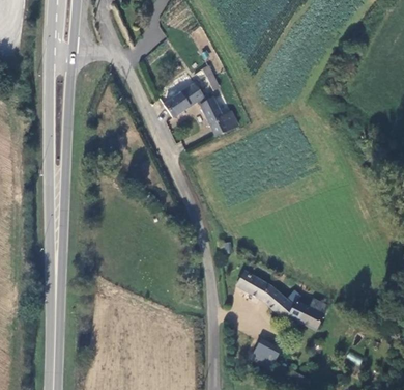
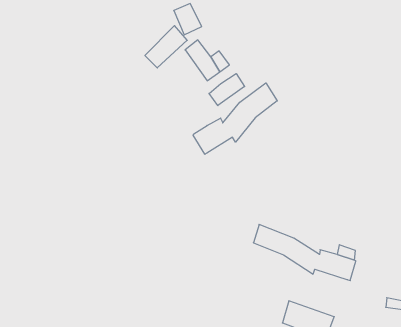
building: none -> [209,74,245,106]
building: none -> [193,83,277,154]

